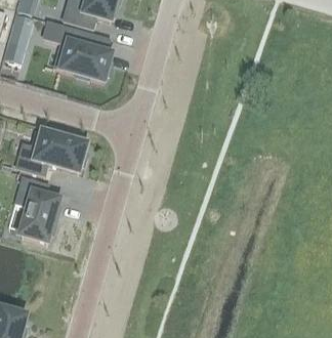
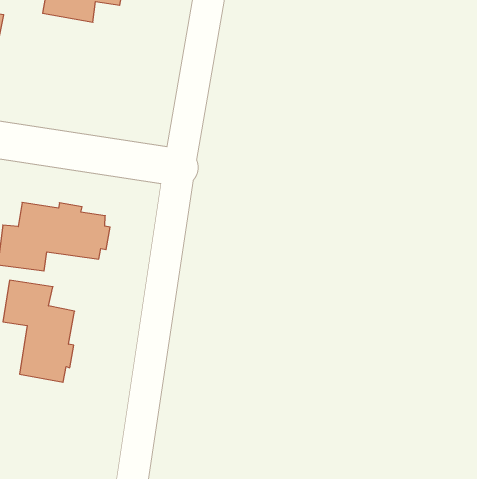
building: [42,19,112,80] -> none

